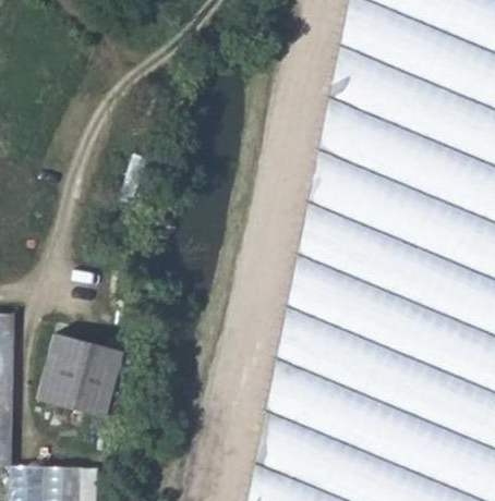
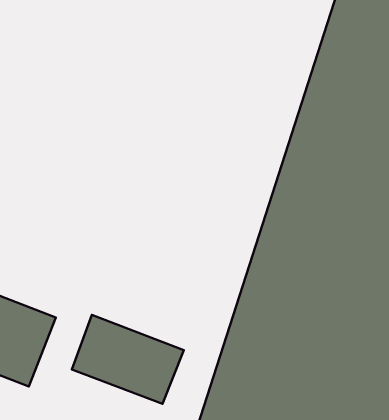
building: none -> [72,315,184,404]

